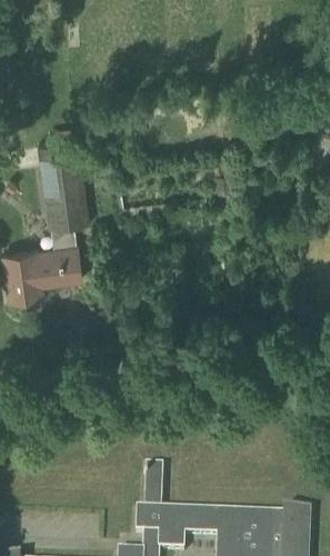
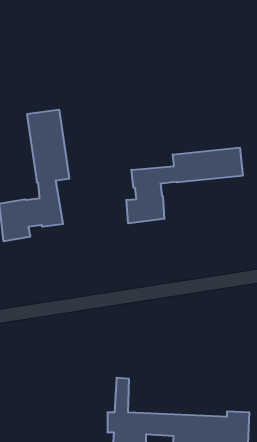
building: none -> [127,148,243,223]

